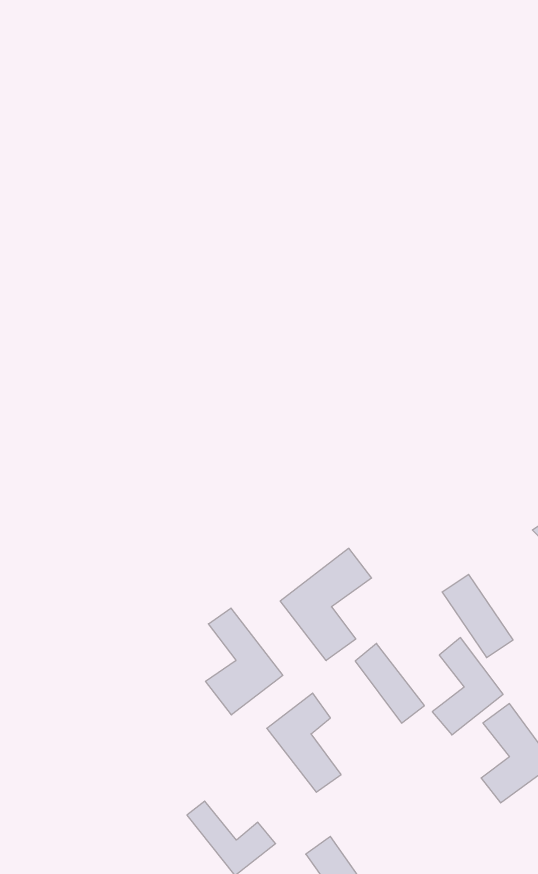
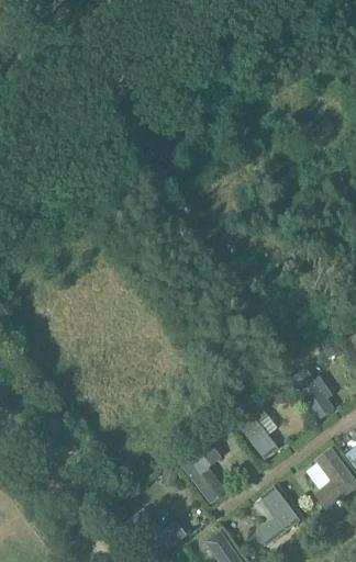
building: [280,548,372,661] -> none
building: [206,608,283,715] -> none
building: [432,638,503,735] -> [256,485,300,546]

